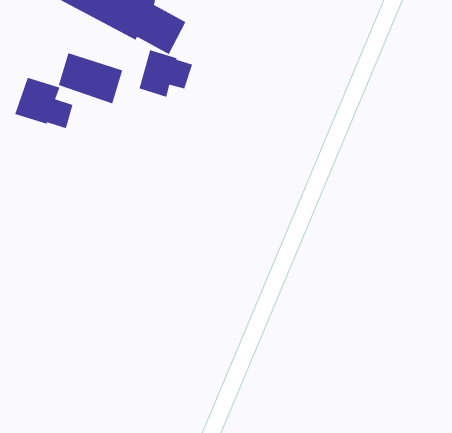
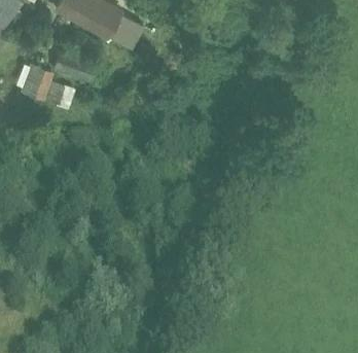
building: [138,49,193,98] -> none

